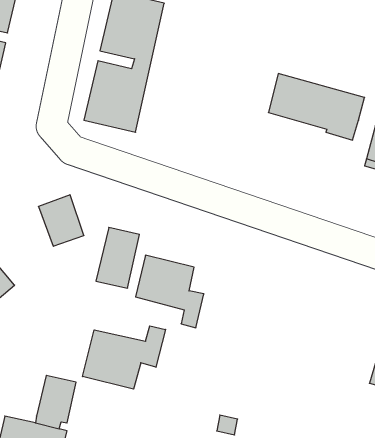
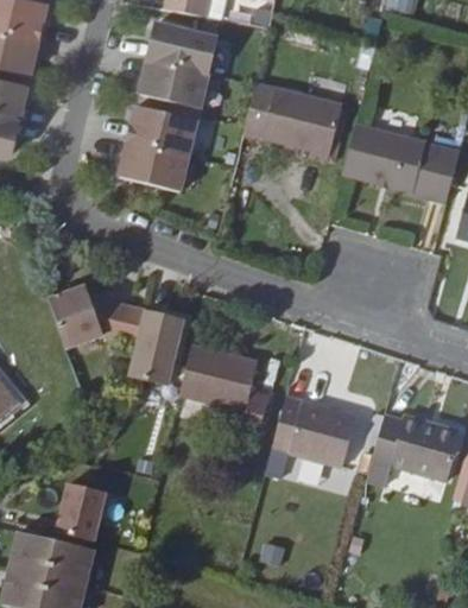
building: none -> [240,83,333,163]
building: none -> [266,393,350,462]
building: none -> [368,413,456,476]
building: [83,326,166,389] -> none

